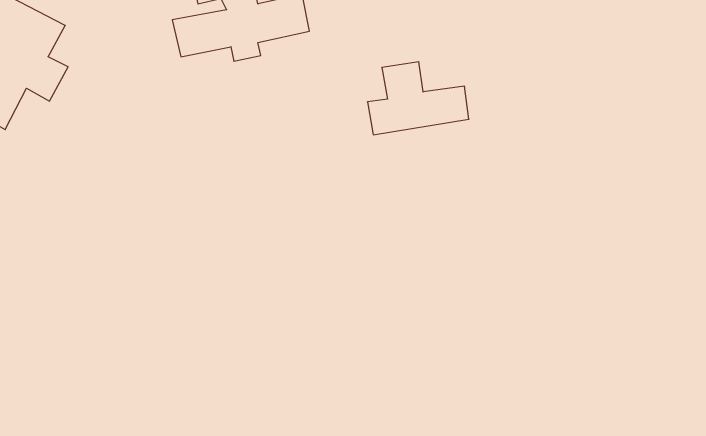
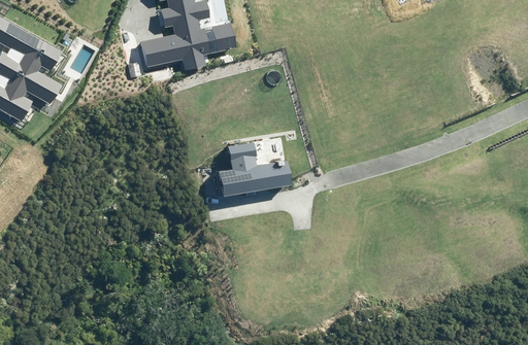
building: [367,62,469,135] -> [214,140,288,193]

